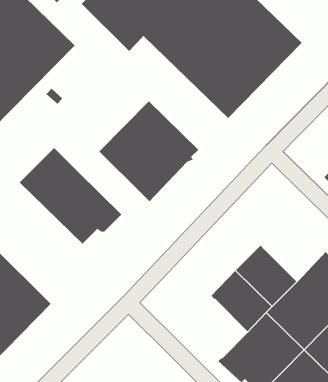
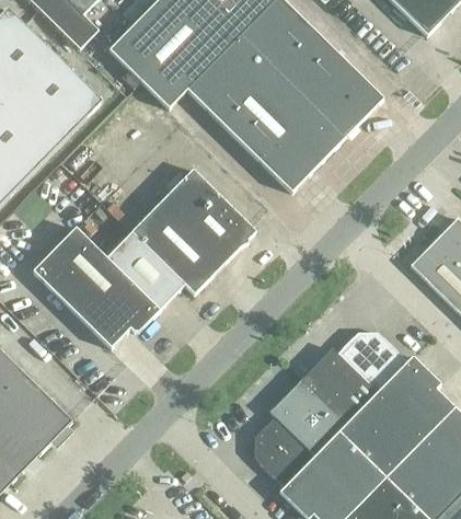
building: none -> [106,232,184,310]
building: none -> [336,332,407,393]
building: none -> [254,415,315,487]

